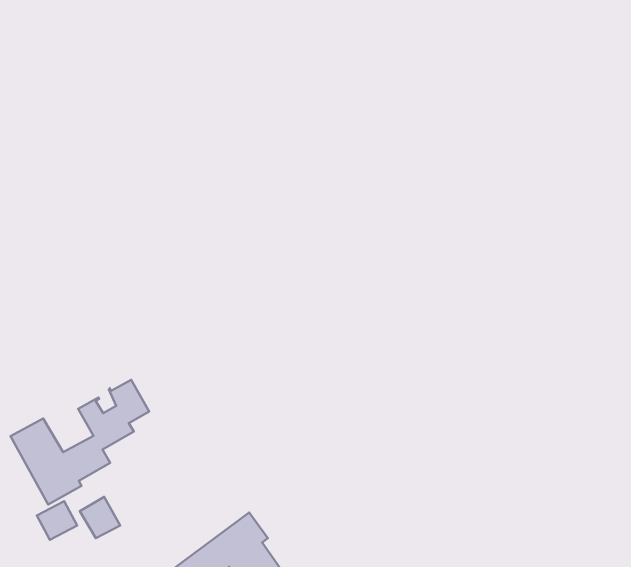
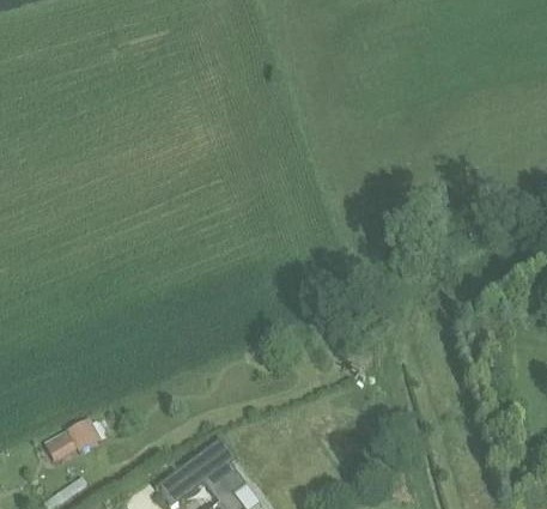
building: [11,380,149,505] -> none

